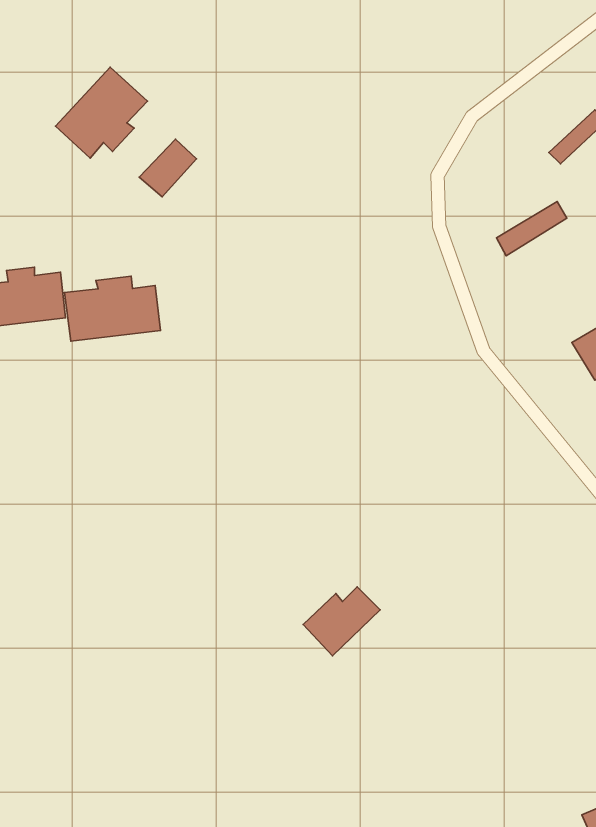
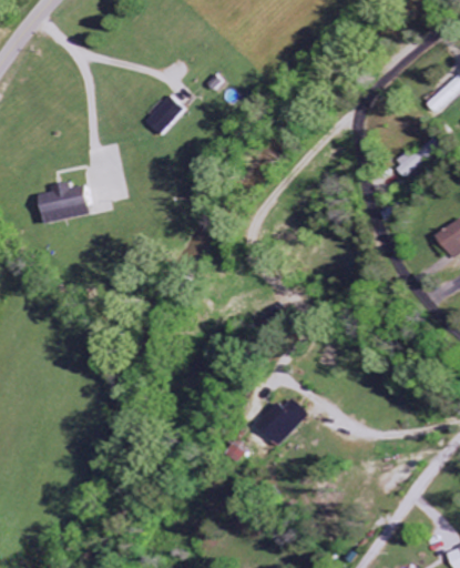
building: [56,67,147,158] -> none
building: [65,276,160,341] -> none

